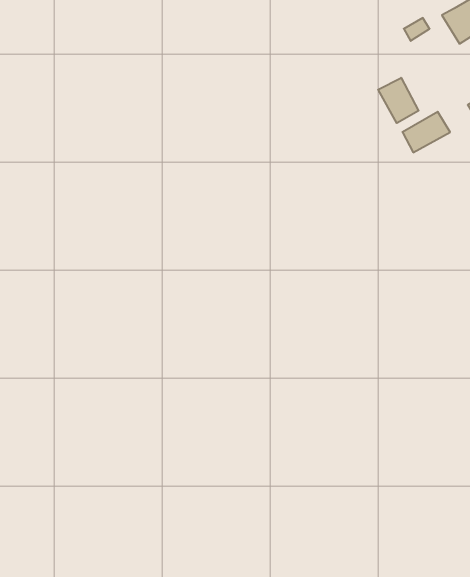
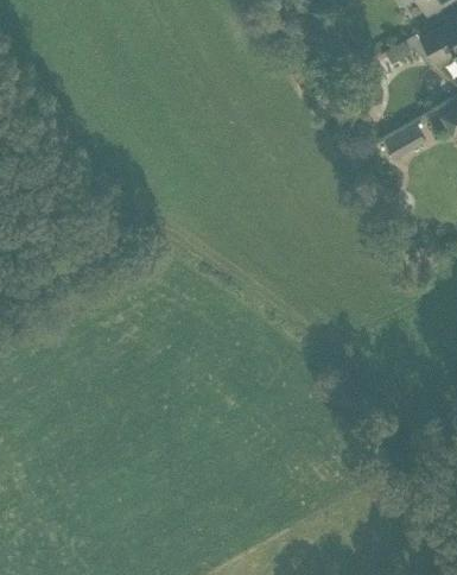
building: [378,78,419,123] -> none

